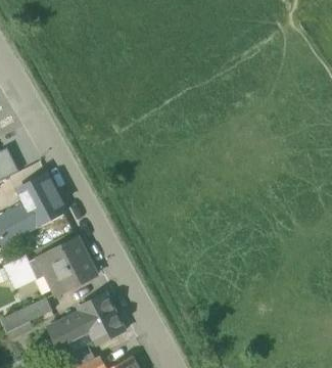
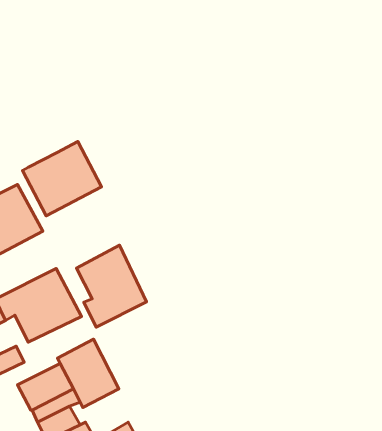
building: none -> [23,141,102,216]
building: none -> [77,245,147,327]

